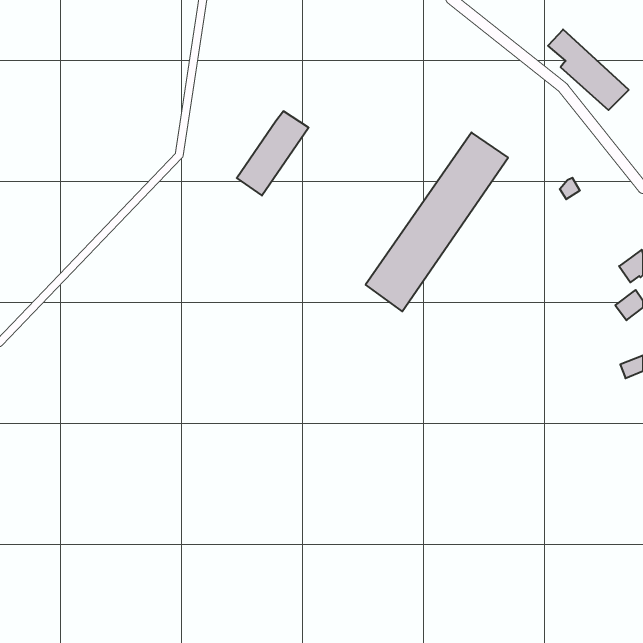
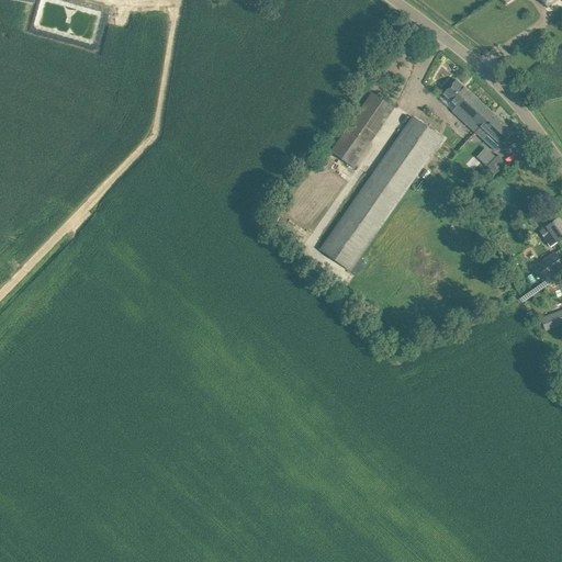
building: [548,29,629,110] -> [442,79,513,149]
building: [237,111,309,196] -> [330,93,393,167]

